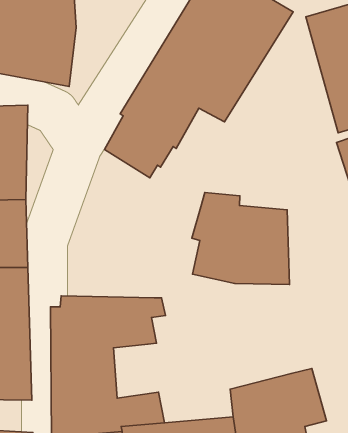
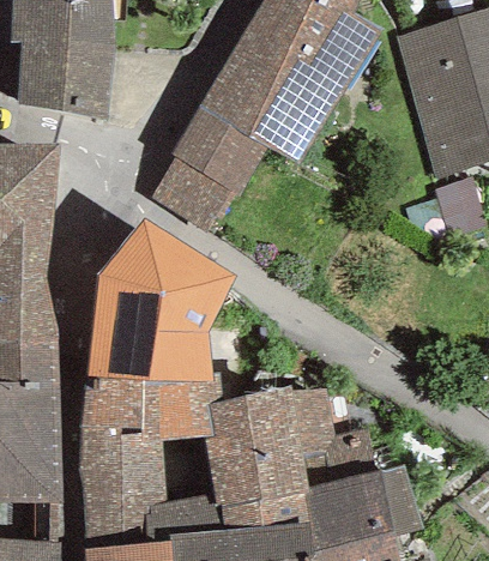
building: none -> [86,219,235,380]
building: [192,192,290,285] -> none
building: none -> [203,387,378,532]

